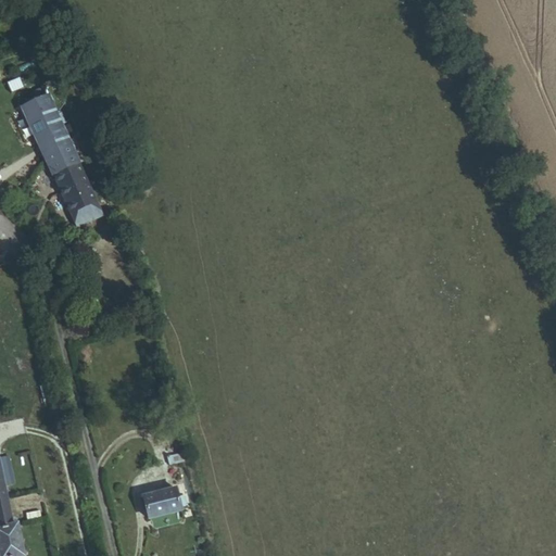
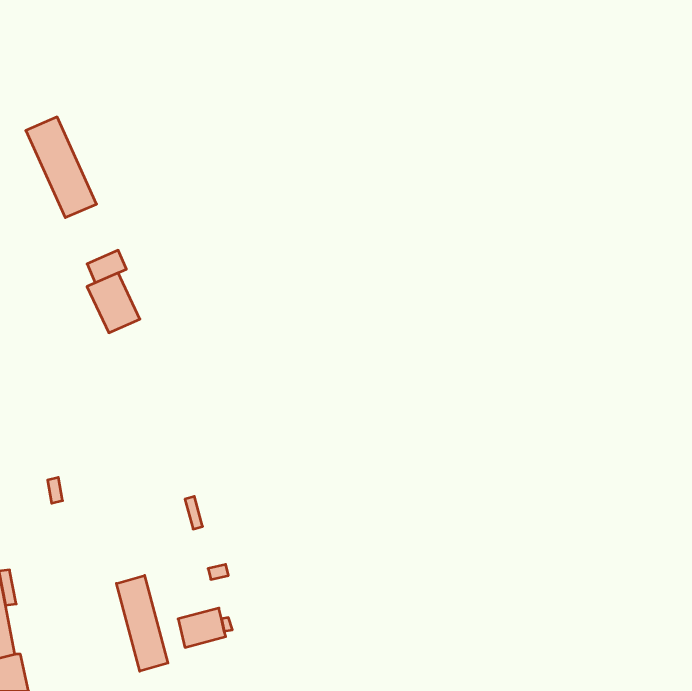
building: [52,163,94,211] -> [87,273,140,333]
building: none -> [116,575,168,671]

